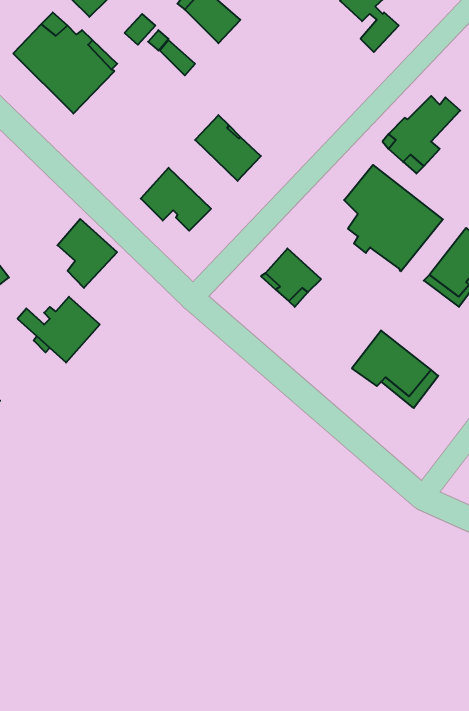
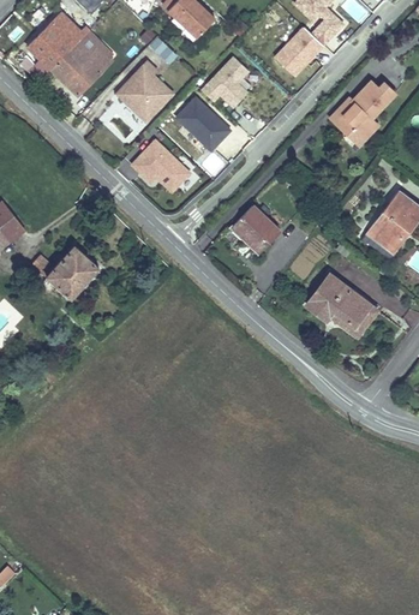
building: none -> [275,26,323,76]
building: none -> [202,56,249,107]
building: none -> [107,60,173,130]
building: [344,165,443,271] -> none
building: [57,219,117,288] -> none

